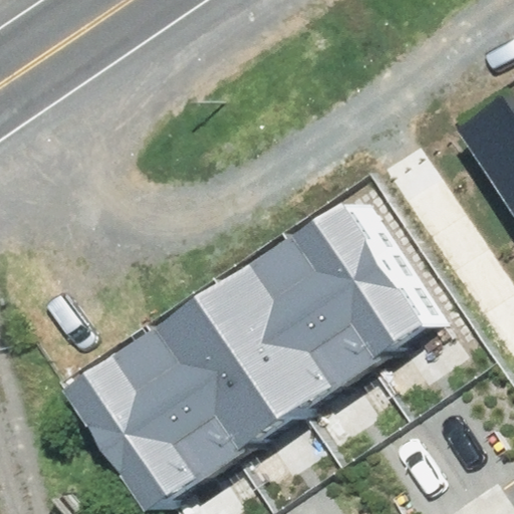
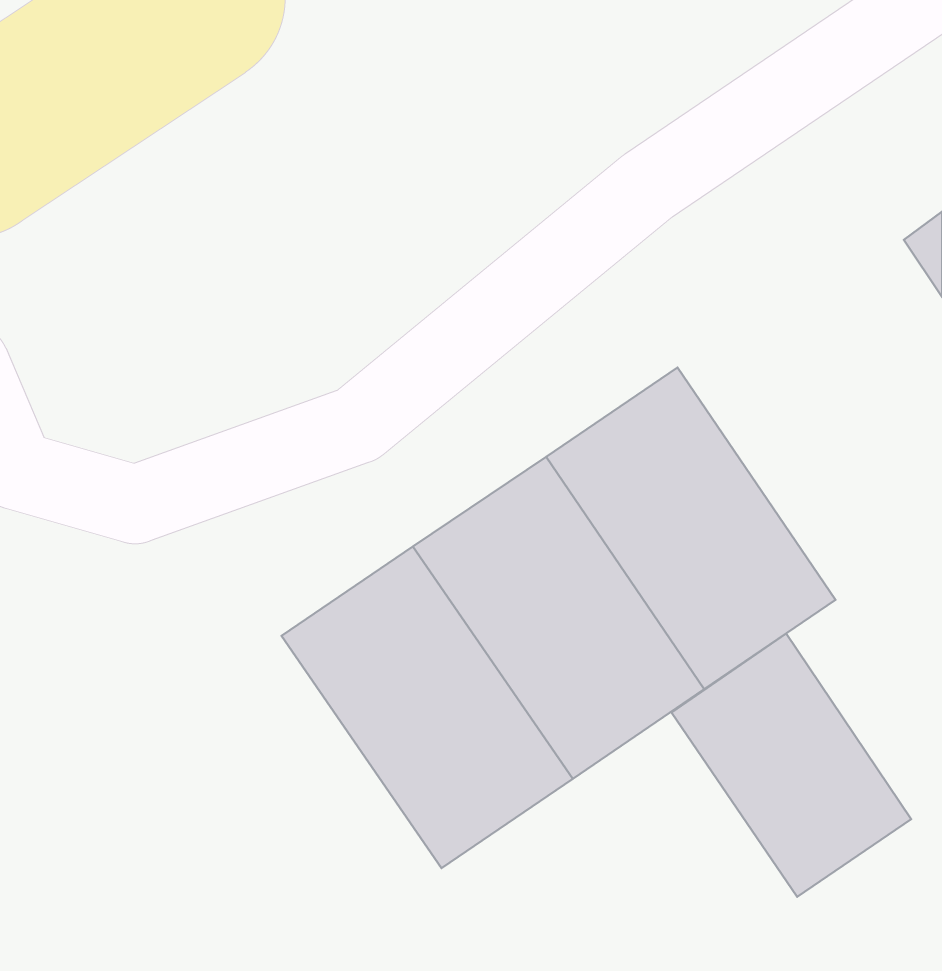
building: none -> [671,633,911,897]
building: [79,335,233,505] -> none

